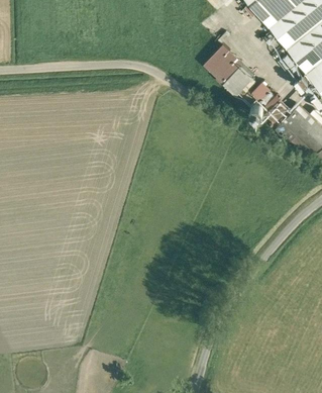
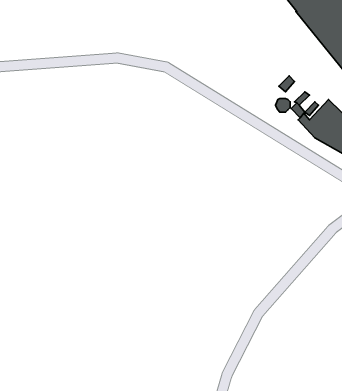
building: [203,44,253,97] -> none

